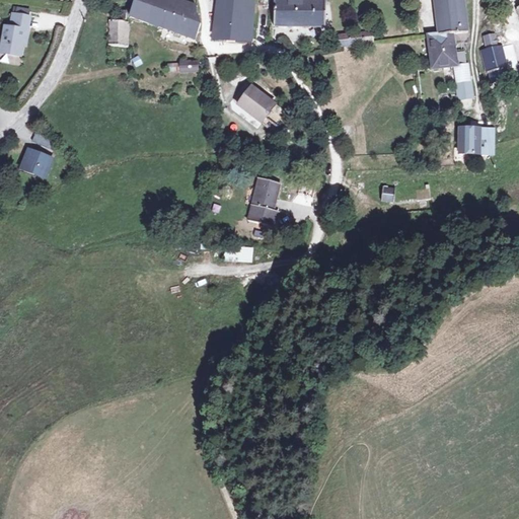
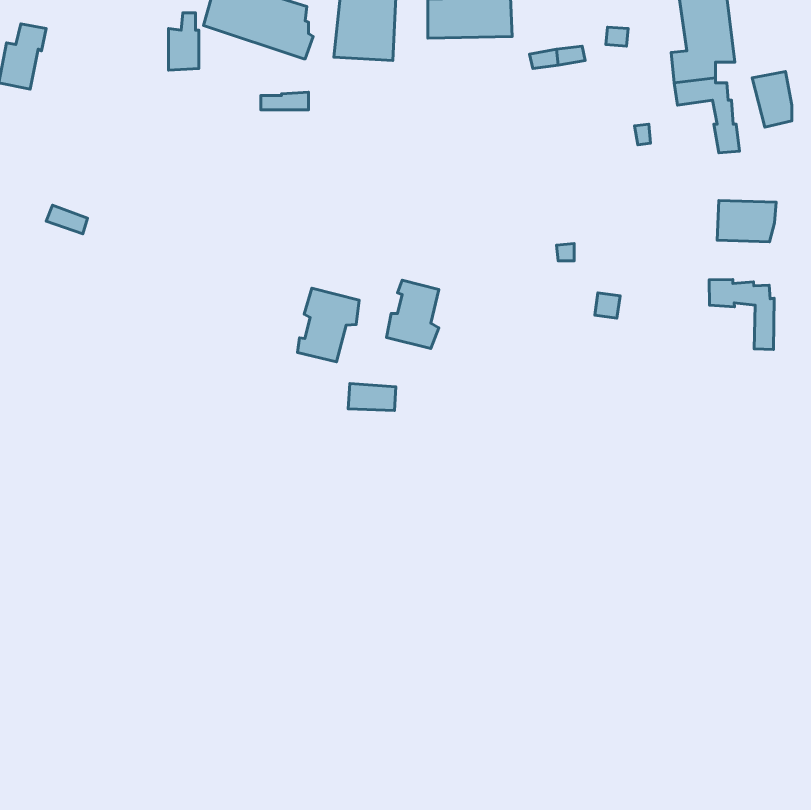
building: [236,87,287,132] -> none
building: [23,149,52,173] -> none
building: none -> [709,280,774,349]
building: none -> [298,288,359,362]

